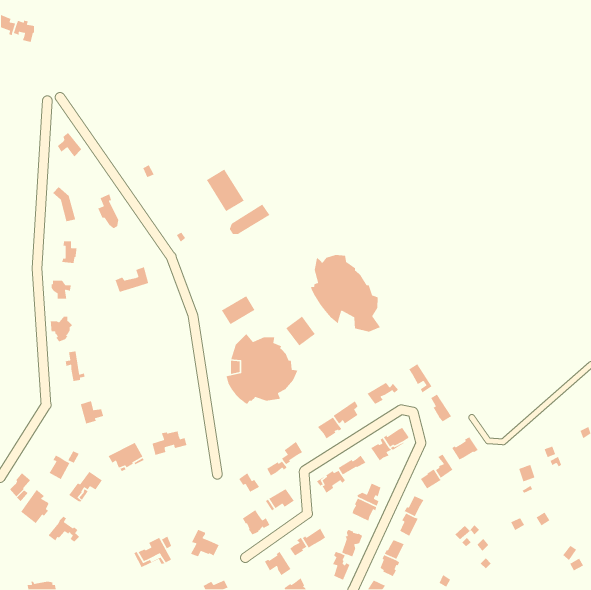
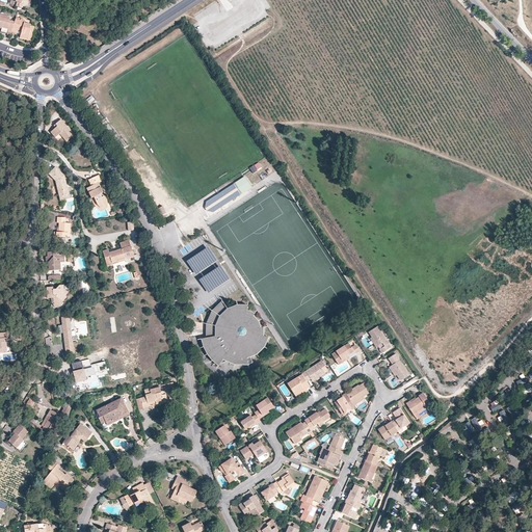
building: [206,169,245,212] -> none
building: [310,254,381,333] -> none
building: none -> [186,246,217,274]
building: [285,316,316,347] -> none
building: [20,489,50,524] -> none

